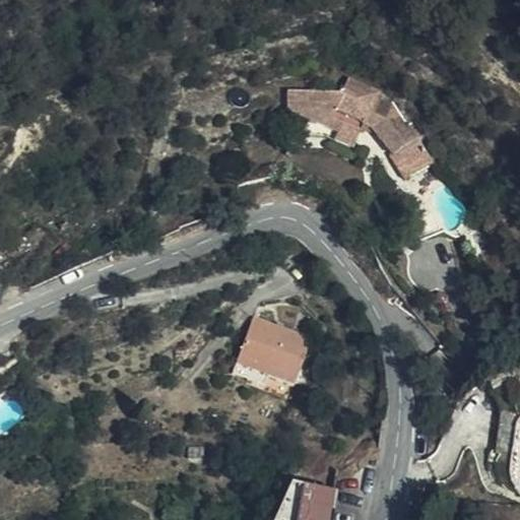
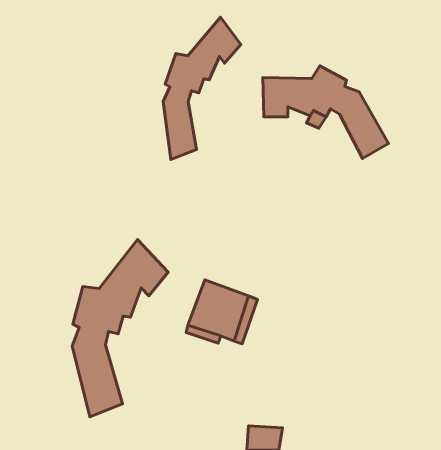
building: none -> [163,17,241,159]
building: none -> [72,239,168,417]

